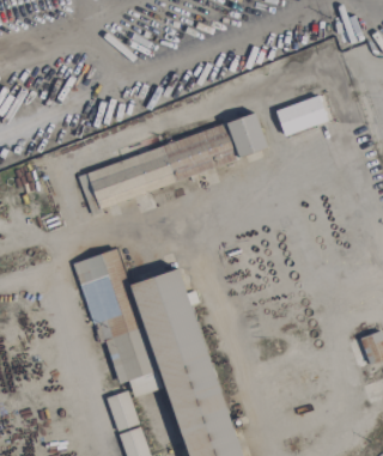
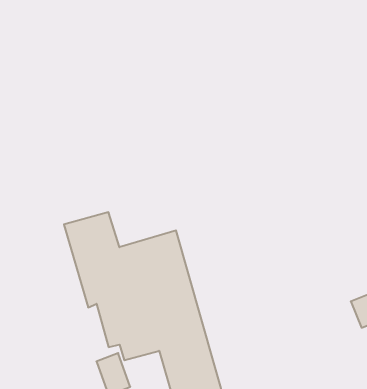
building: [275,95,329,135] -> none
building: [78,117,268,206] -> none

